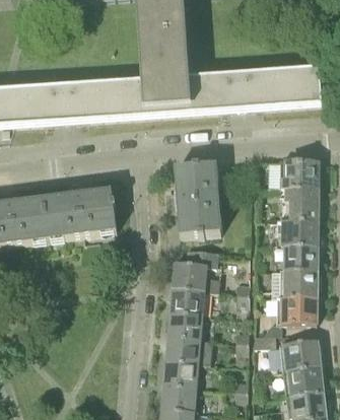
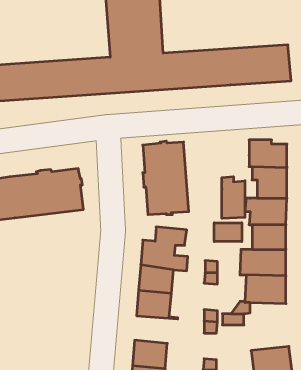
building: none -> [222,177,245,218]
building: none -> [214,223,242,242]
building: [167,335,210,362] -> none
building: [280,338,321,369] -> none

